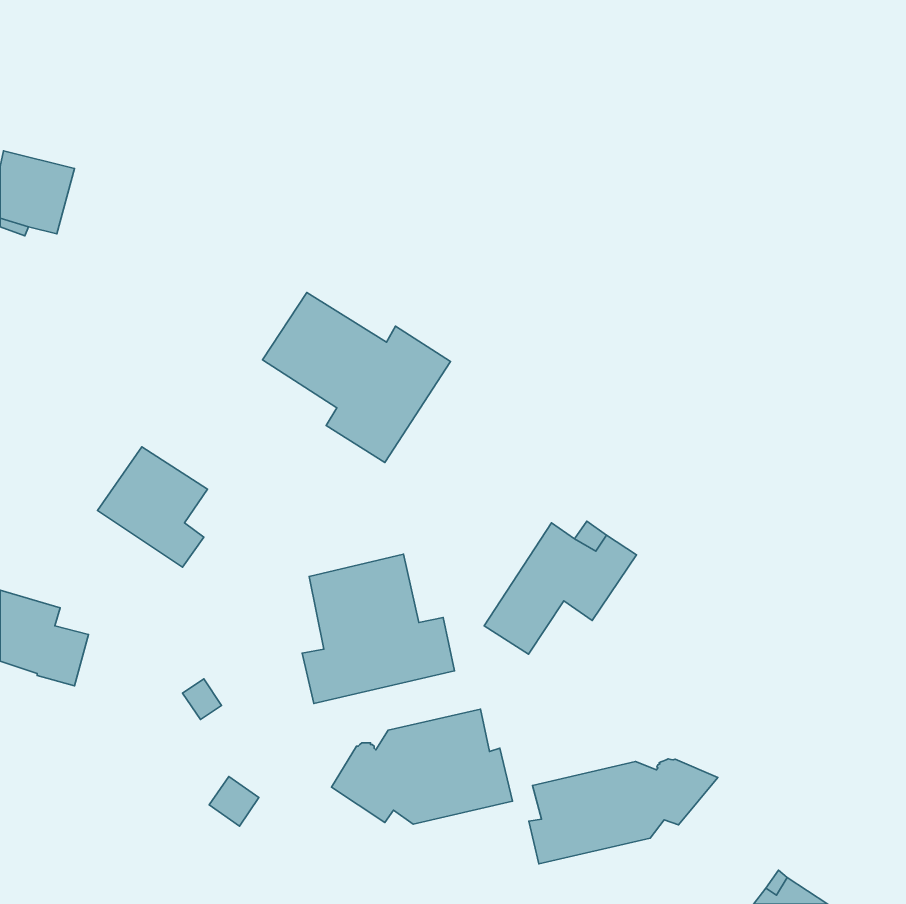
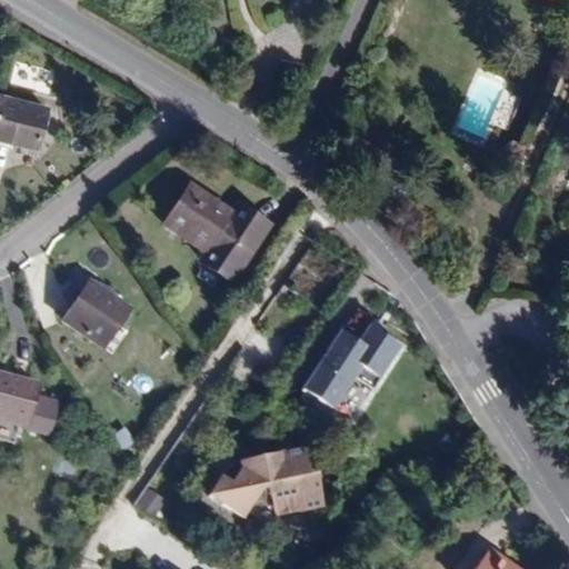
building: [302,554,455,703] -> none
building: [529,759,718,864] -> none

